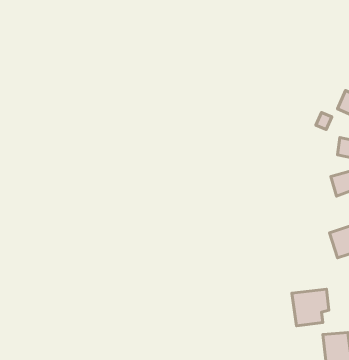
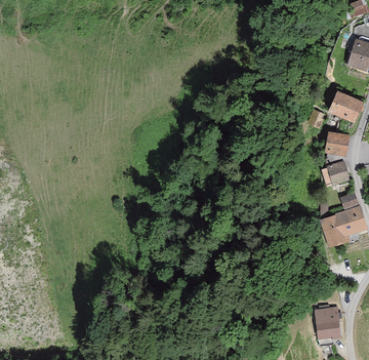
building: [292,289,329,326] -> none

